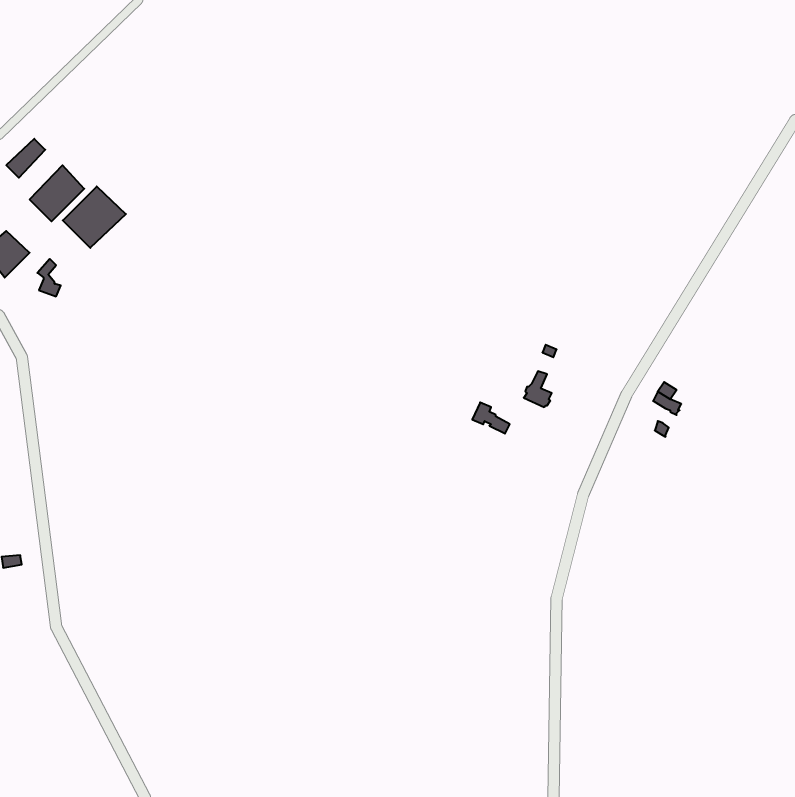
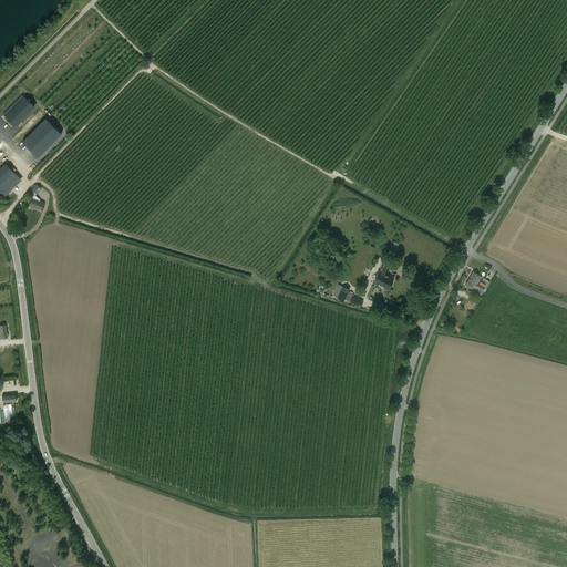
building: [63,186,126,248] -> none

